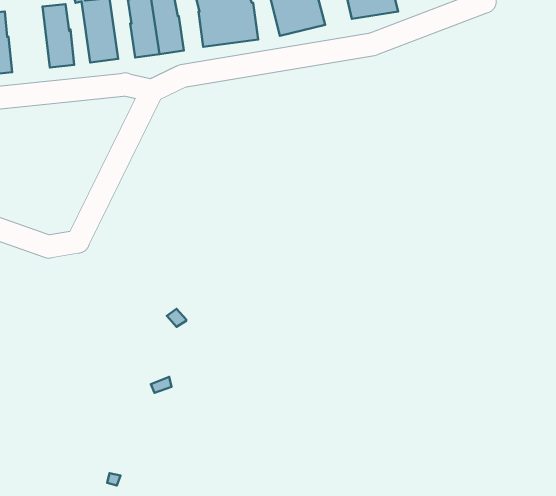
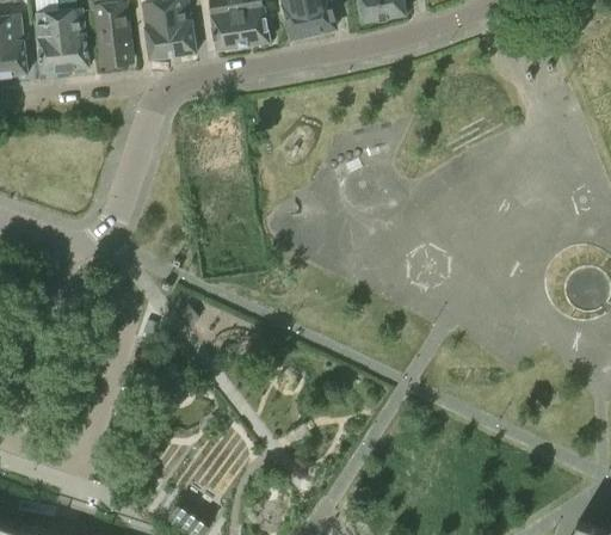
building: none -> [36,10,66,73]

